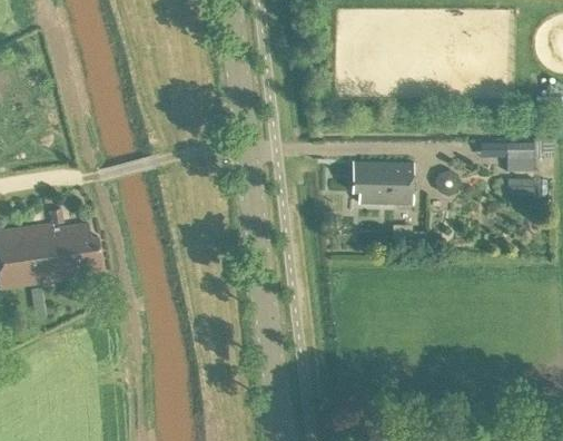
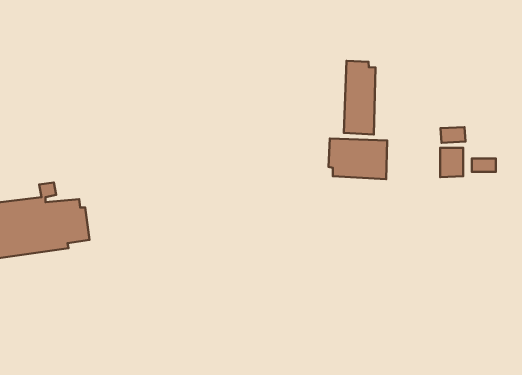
building: none -> [344,61,375,134]
building: [507,140,532,171] -> [440,148,463,177]

